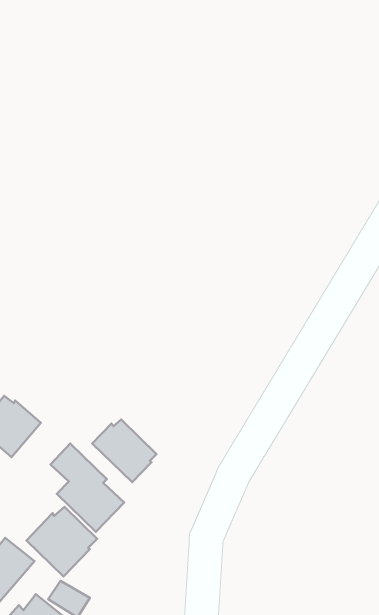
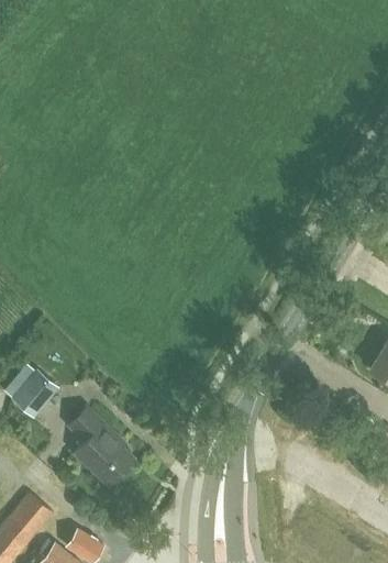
building: [92,420,156,482] -> none
building: [26,507,97,576] -> none

